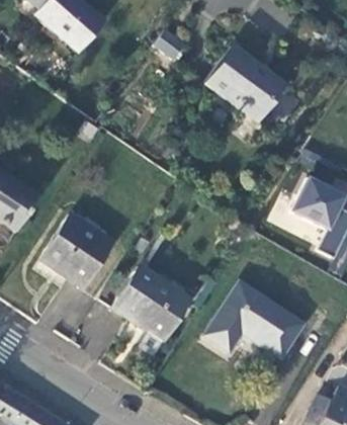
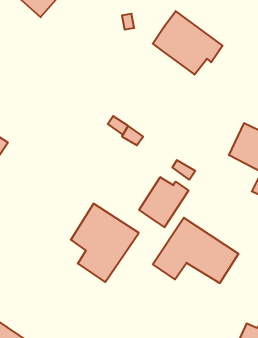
building: [39,212,111,286] -> none
building: none -> [139,177,188,227]

